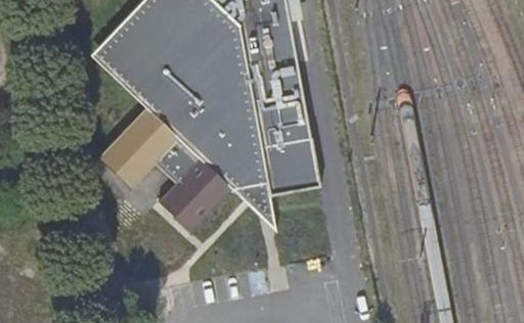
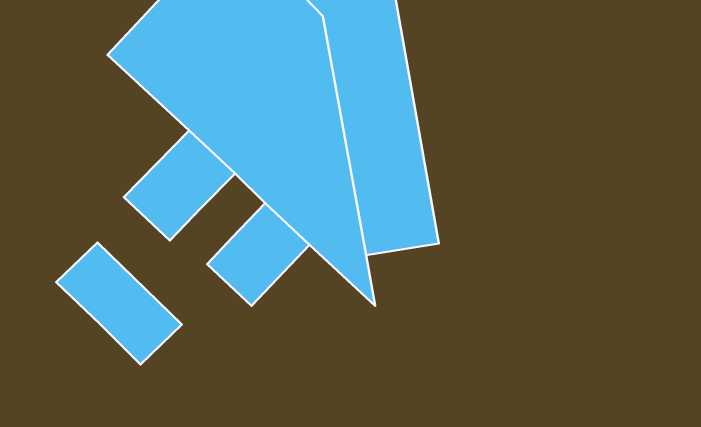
building: [155,139,199,183] -> none
building: none -> [56,242,182,364]

